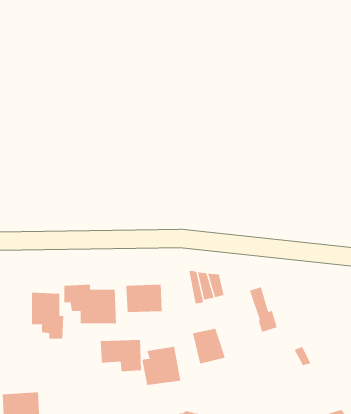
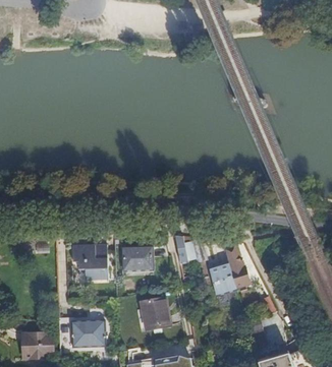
building: [31,292,64,339] -> none
building: [192,328,226,364] -> [209,264,236,294]
building: [100,340,142,372] -> [71,320,106,347]

